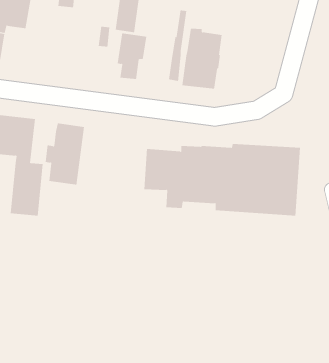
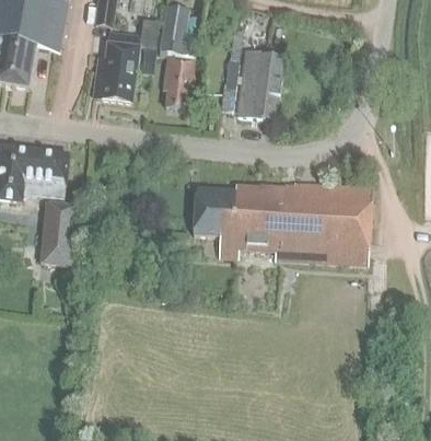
building: [45,123,85,185] -> [95,31,141,102]

